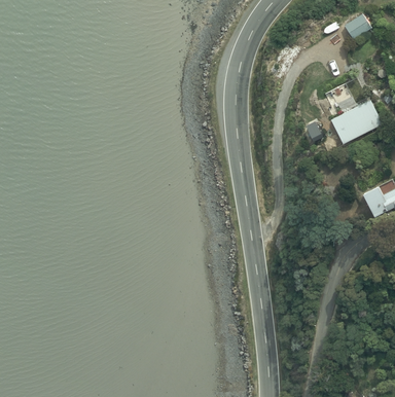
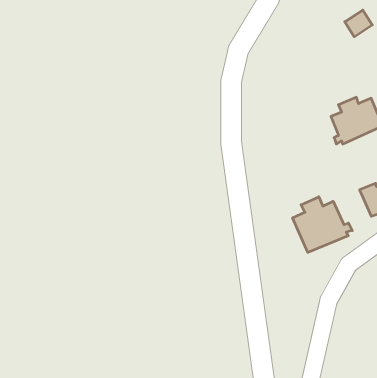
building: none -> [293,197,352,252]

